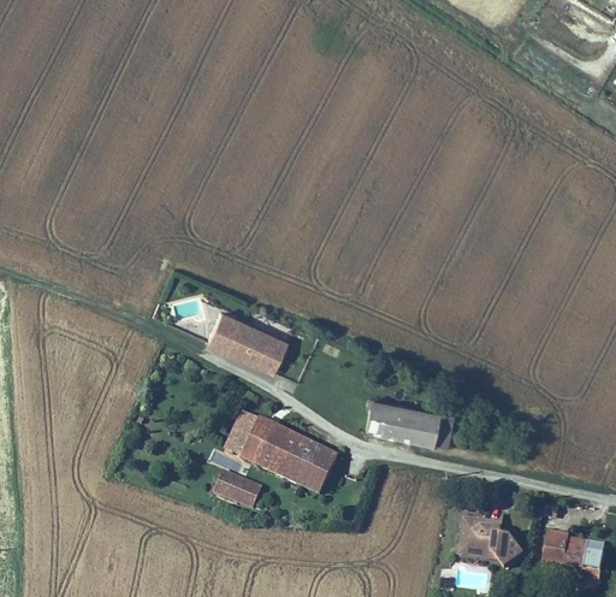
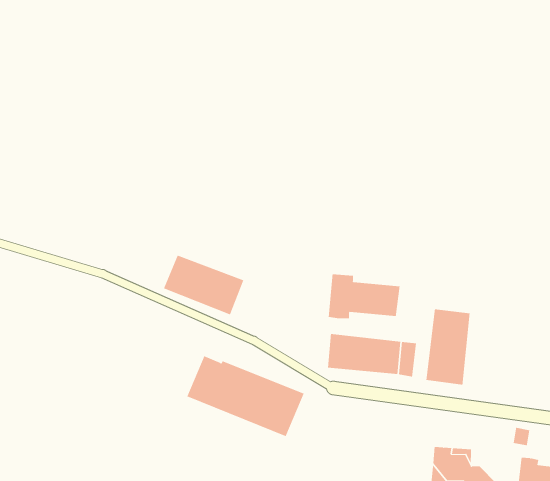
building: none -> [328,274,400,319]
building: none -> [426,308,470,385]
building: [213,469,261,508] -> none

